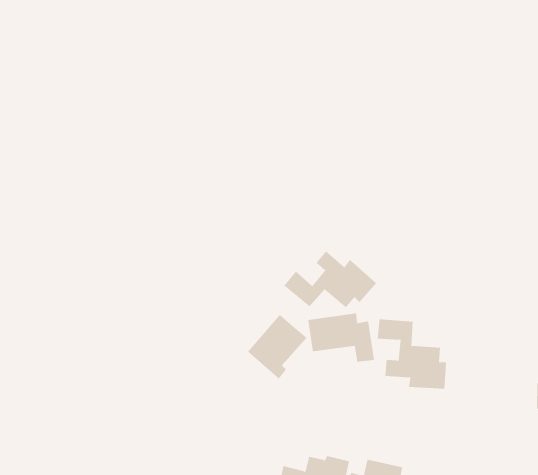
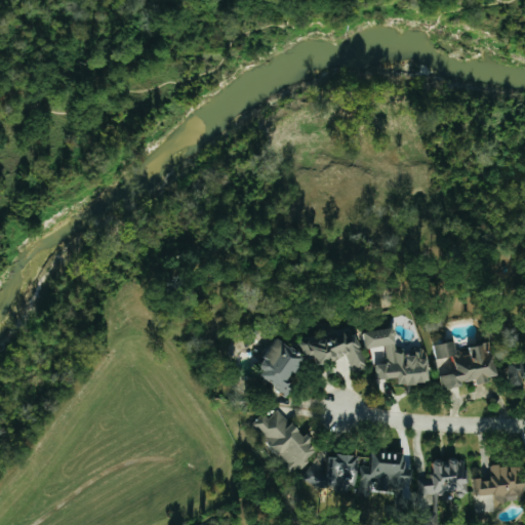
building: [284,251,377,308] -> none
building: none -> [433,341,497,390]
building: none -> [252,410,317,472]

